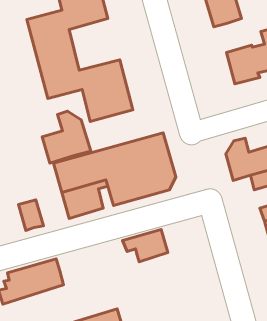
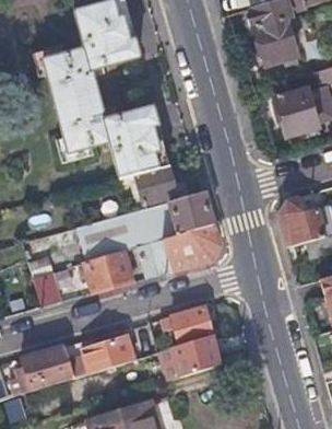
building: none -> [137,163,176,201]
building: [42,111,91,163] -> none
building: none -> [82,331,146,371]
building: none -> [156,333,218,379]

